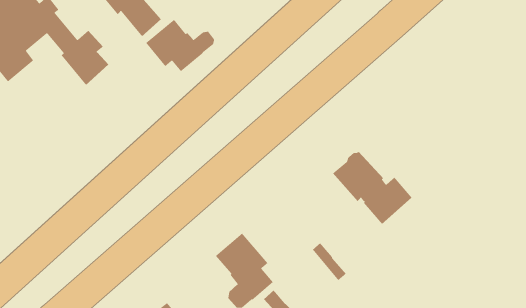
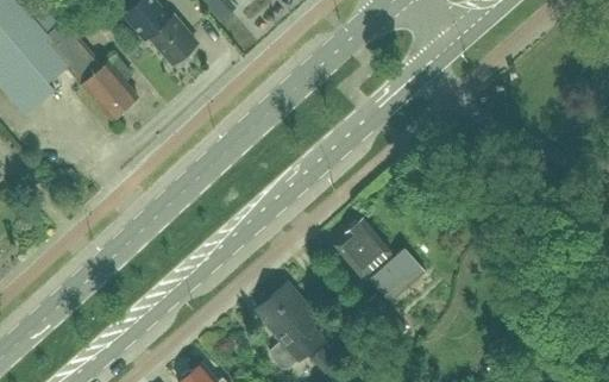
building: [145,19,215,72] -> none
building: [332,151,413,225] -> [334,219,425,302]

